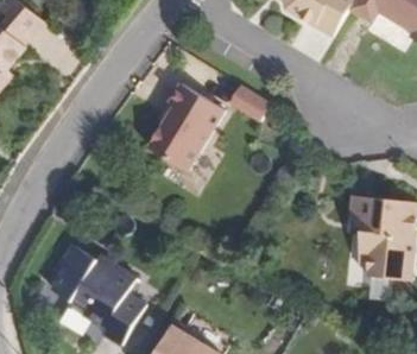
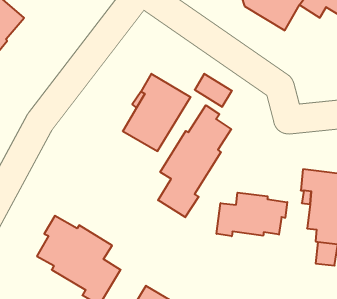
building: none -> [158,105,231,217]
building: none -> [217,193,287,236]

